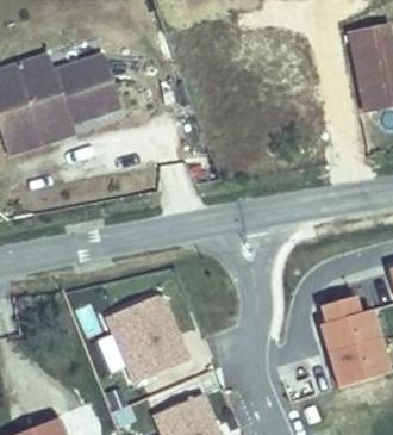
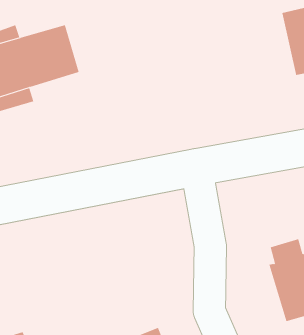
building: [105,294,187,380] -> none

